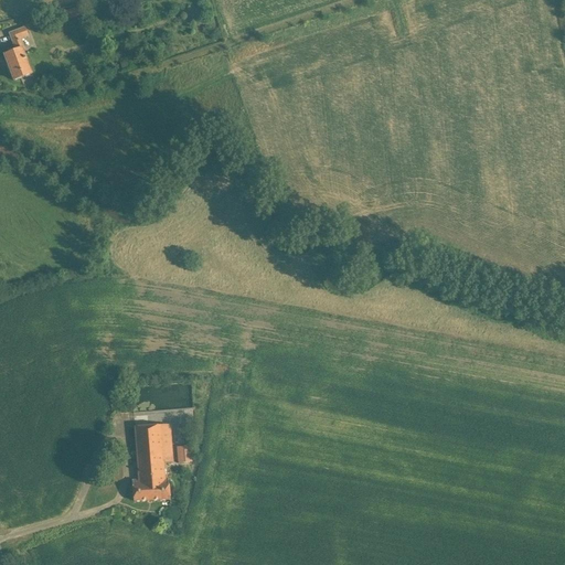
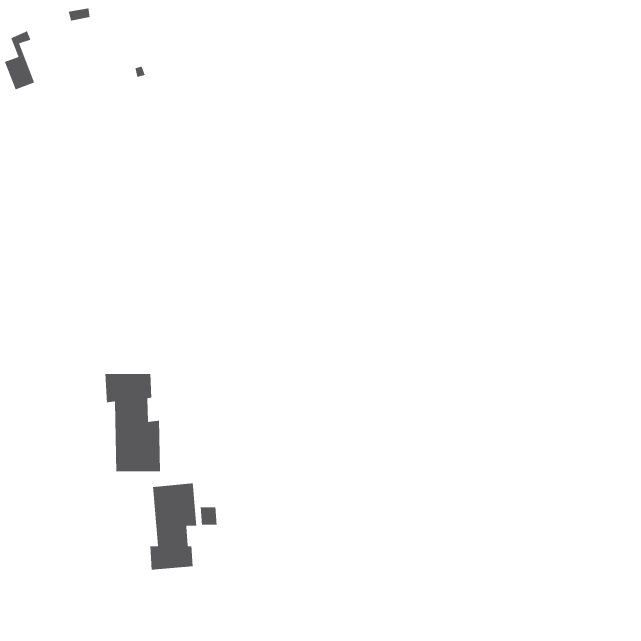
building: none -> [105,373,161,472]

